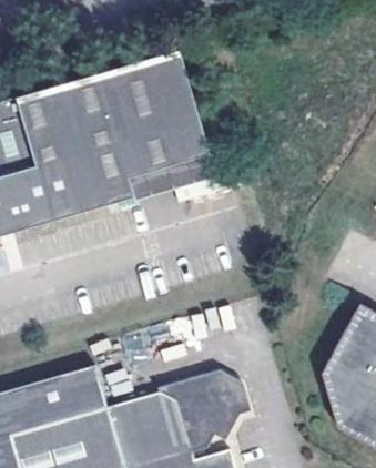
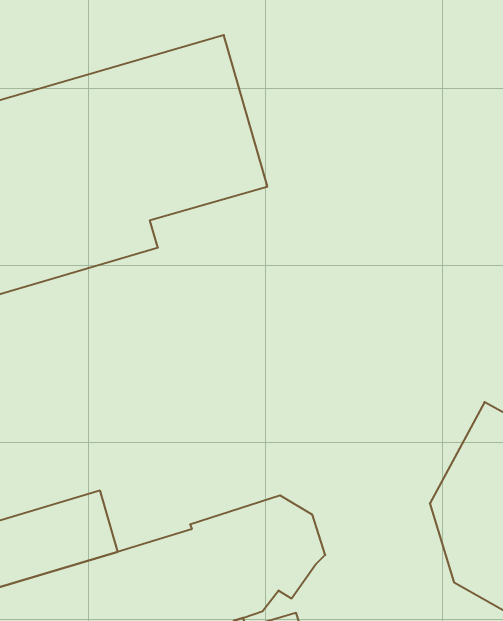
building: [129,154,216,202] -> none

